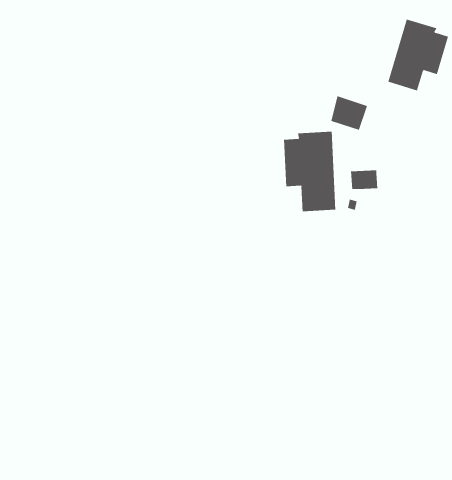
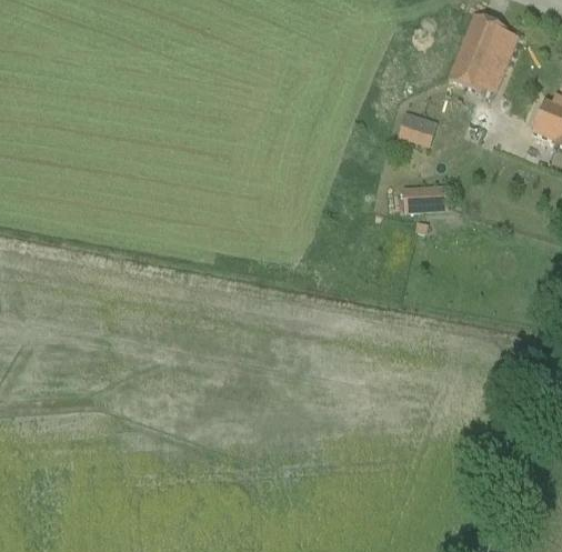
building: [283,131,336,212] -> none

